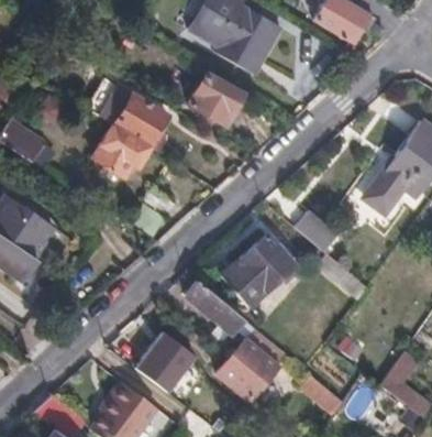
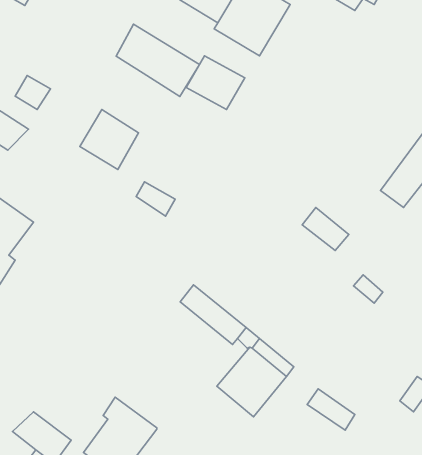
building: [89,80,164,145] -> [116,24,199,96]
building: [218,234,300,312] -> none
building: [135,331,193,391] -> none

